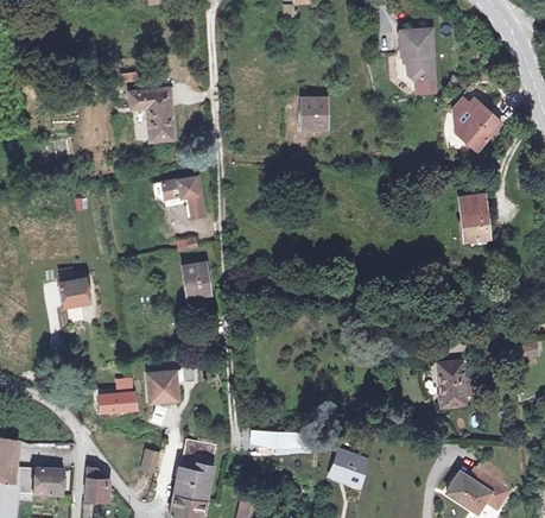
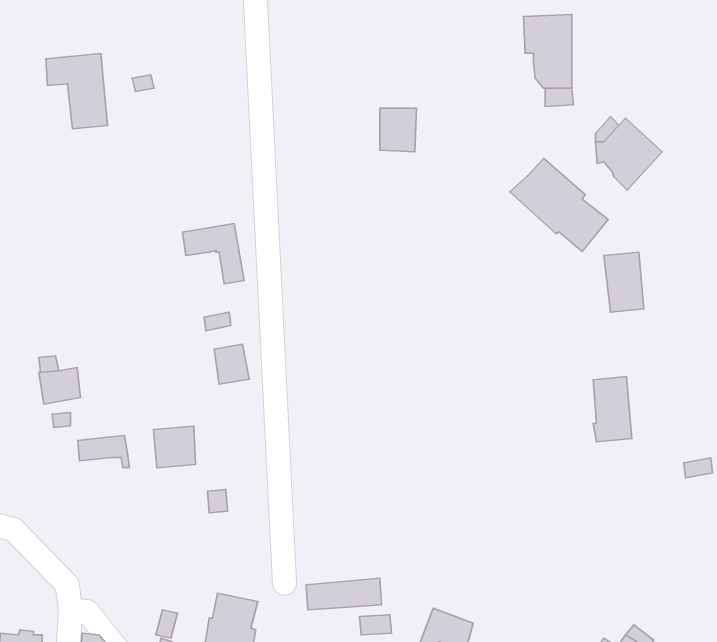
building: [129,86,173,139] -> [46,54,108,129]
building: none -> [510,159,608,252]
building: [438,361,465,408] -> [593,377,632,442]
building: [146,371,176,400] -> [154,426,195,468]
building: [100,393,137,416] -> [78,436,130,467]

